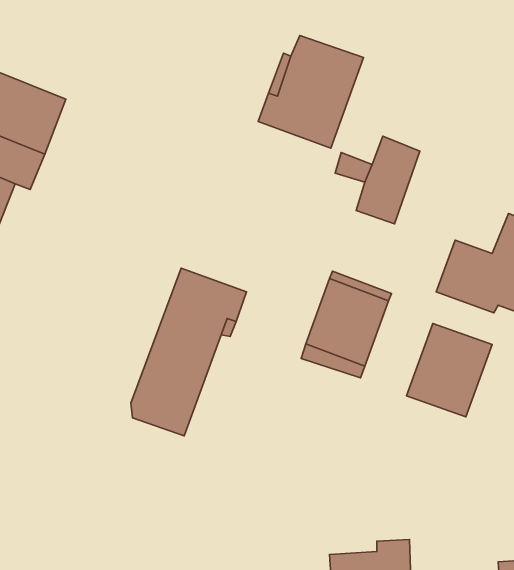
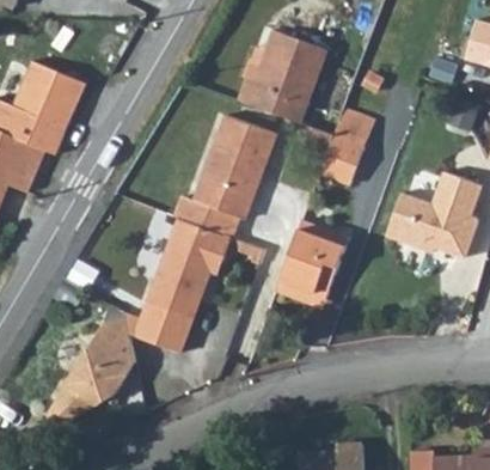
building: none -> [174,114,275,237]
building: [406,323,492,417] -> none
building: none -> [49,321,137,428]

